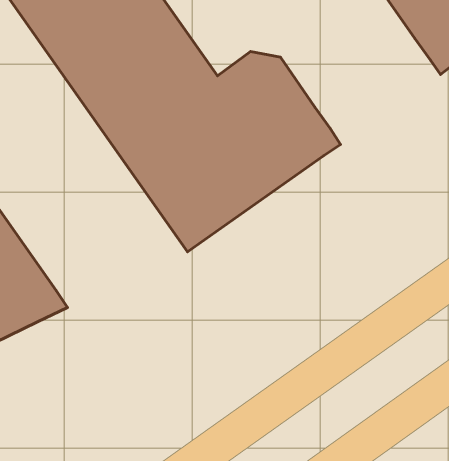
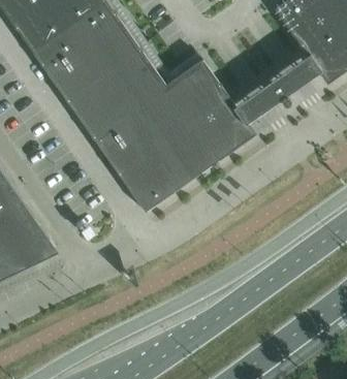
building: none -> [236,58,320,123]

